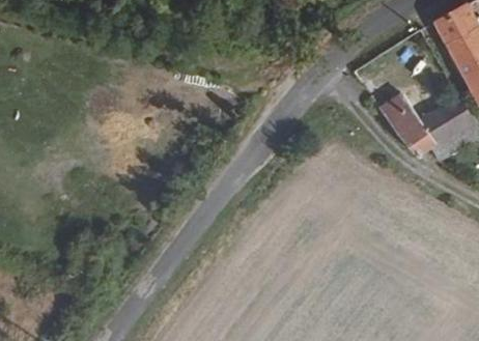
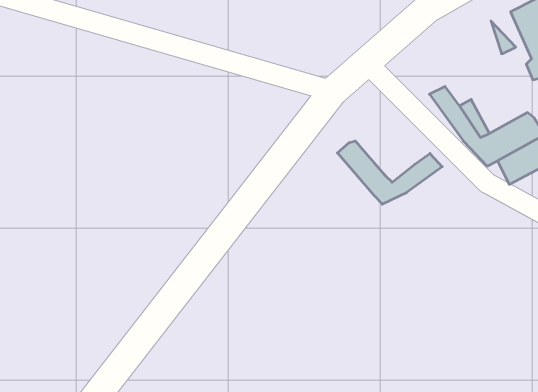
building: none -> [337,141,442,204]

